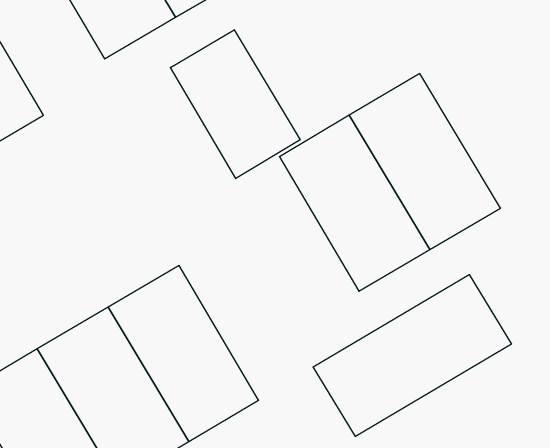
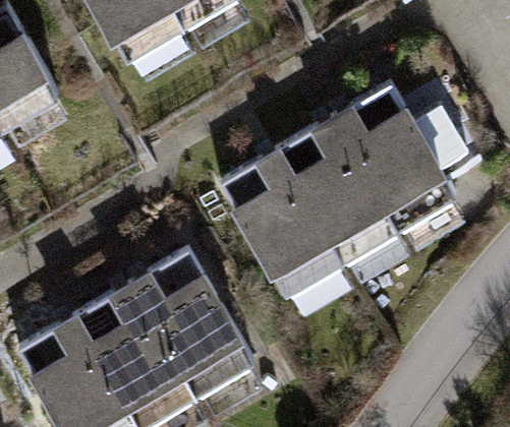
building: [170,30,300,179] -> none
building: none -> [214,154,339,300]
building: [313,275,511,436] -> none

